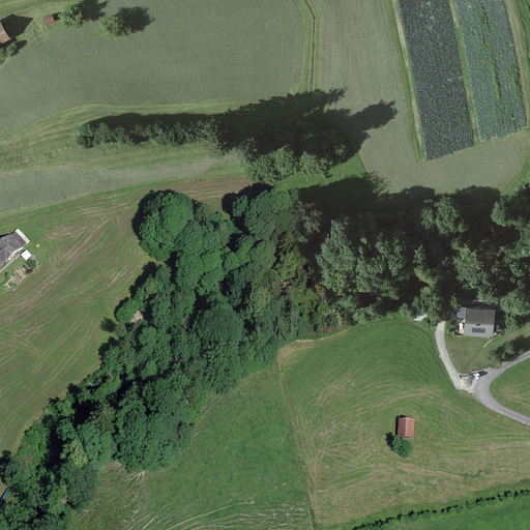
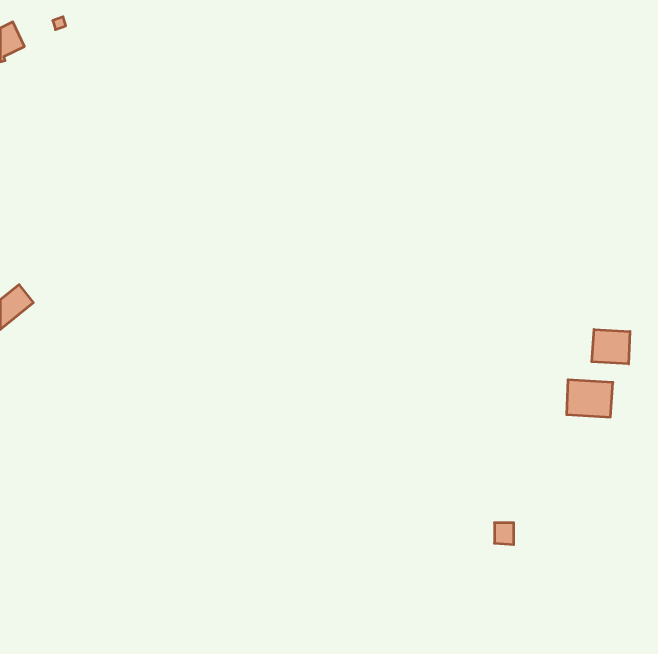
building: none -> [592,329,630,364]

